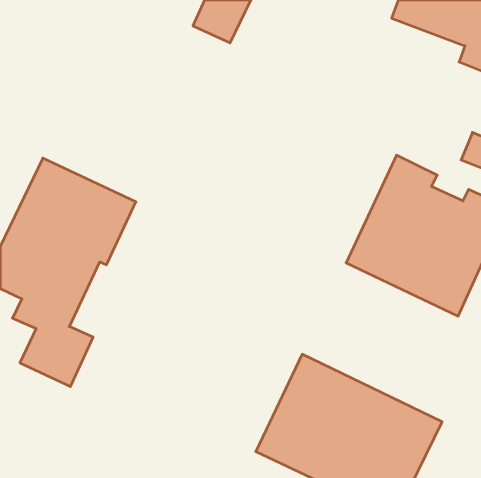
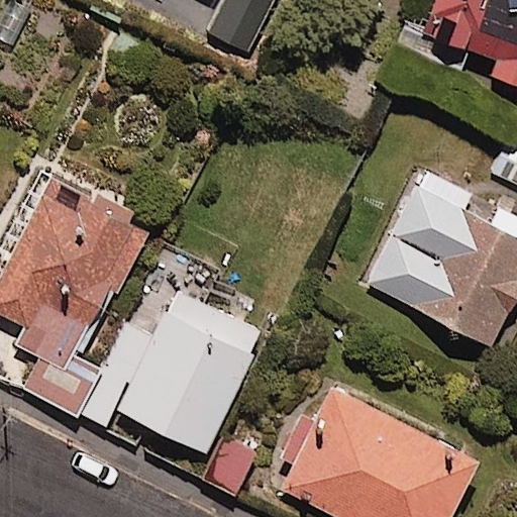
building: none -> [86,283,261,449]

